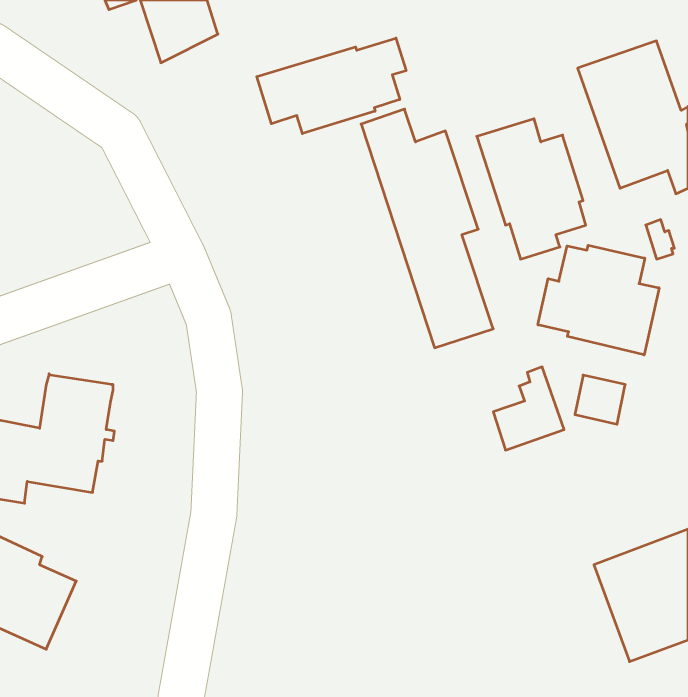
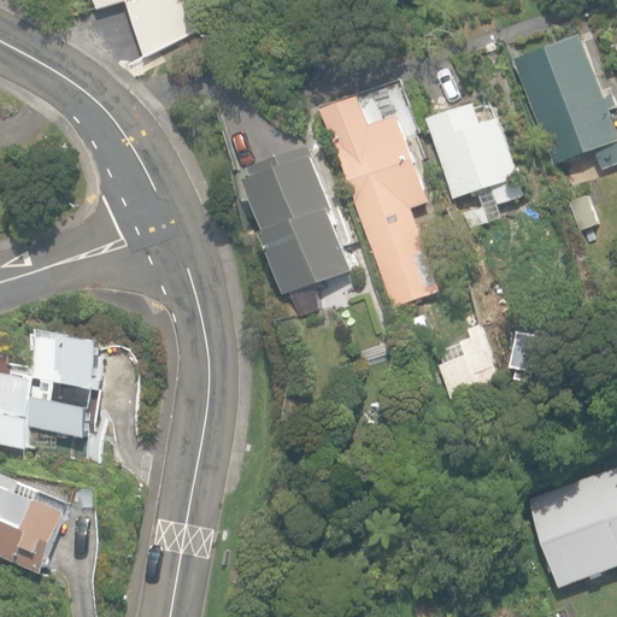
building: [257,38,406,134] -> none
building: none -> [242,145,353,317]
building: [538,245,659,355] -> none

